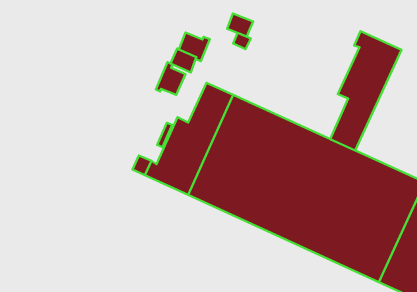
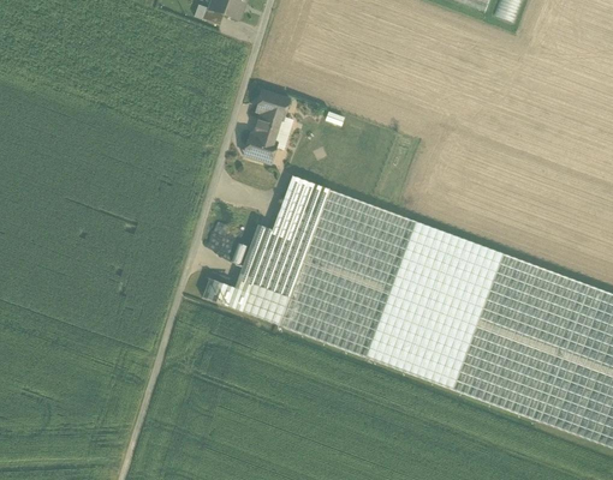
building: [227,14,253,37] -> [256,90,290,119]
building: [330,31,402,151] -> none
building: [156,62,185,95] -> none

